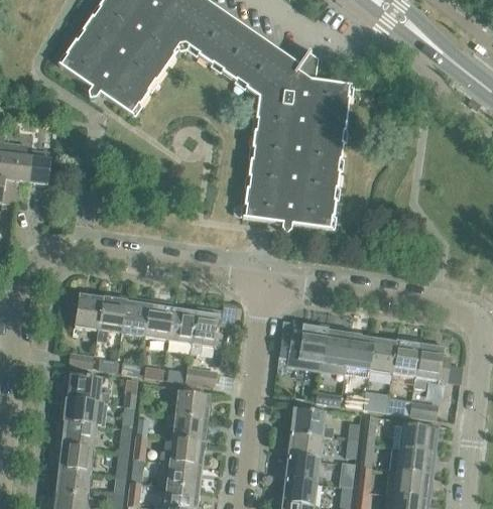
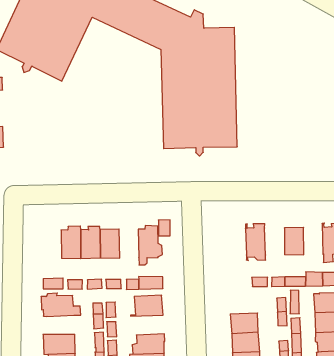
building: [73,292,102,331] -> none
building: [167,306,196,345] -> none
building: [287,321,327,369] -> none
building: [345,334,373,370] -> none
building: [391,336,419,377] -> none
building: [60,397,109,426] -> none
building: [290,407,335,436] -> none
building: [167,414,209,442] -> none

